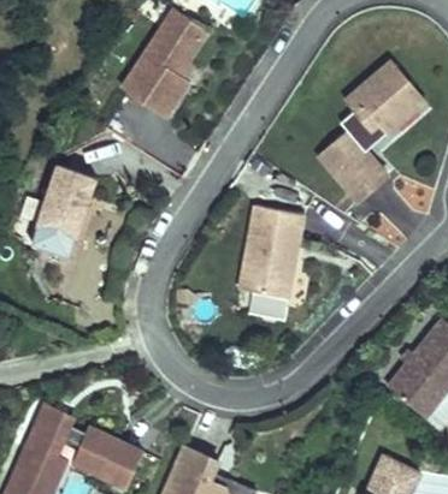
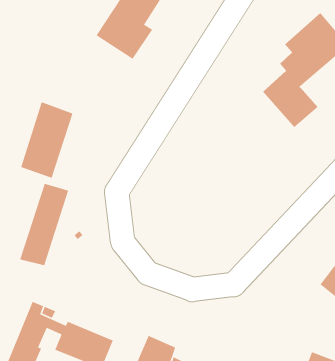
building: [240,206,303,298] -> none
building: none -> [19,183,69,266]

